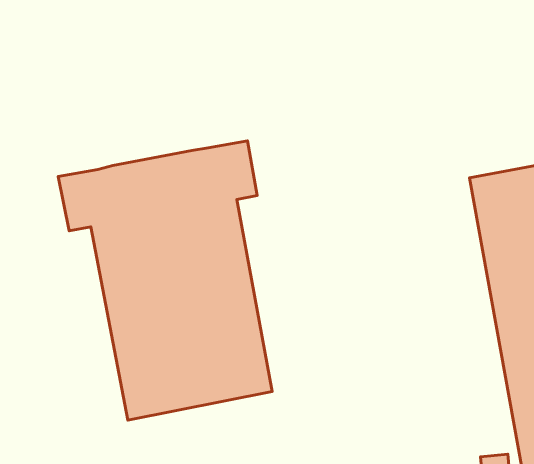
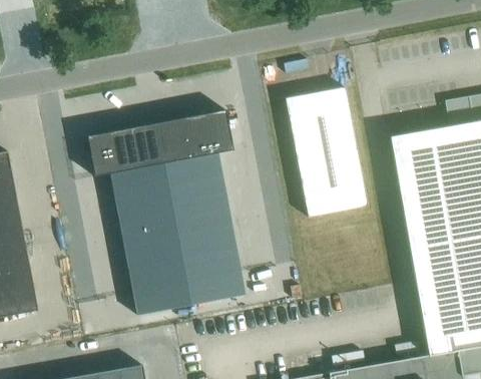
building: none -> [285,88,367,218]

